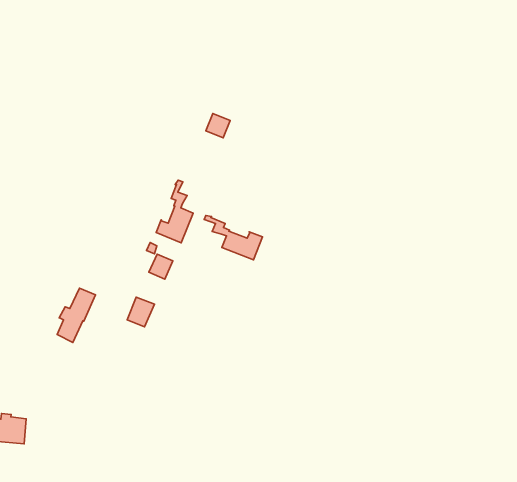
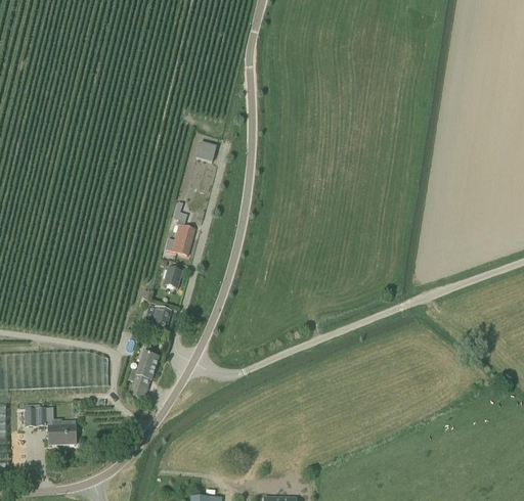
building: [204,215,263,260] -> none
building: [57,288,96,342] -> [130,351,159,398]

